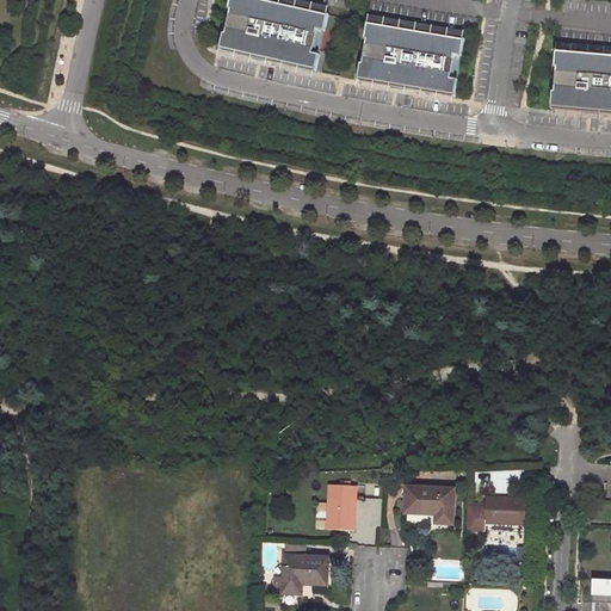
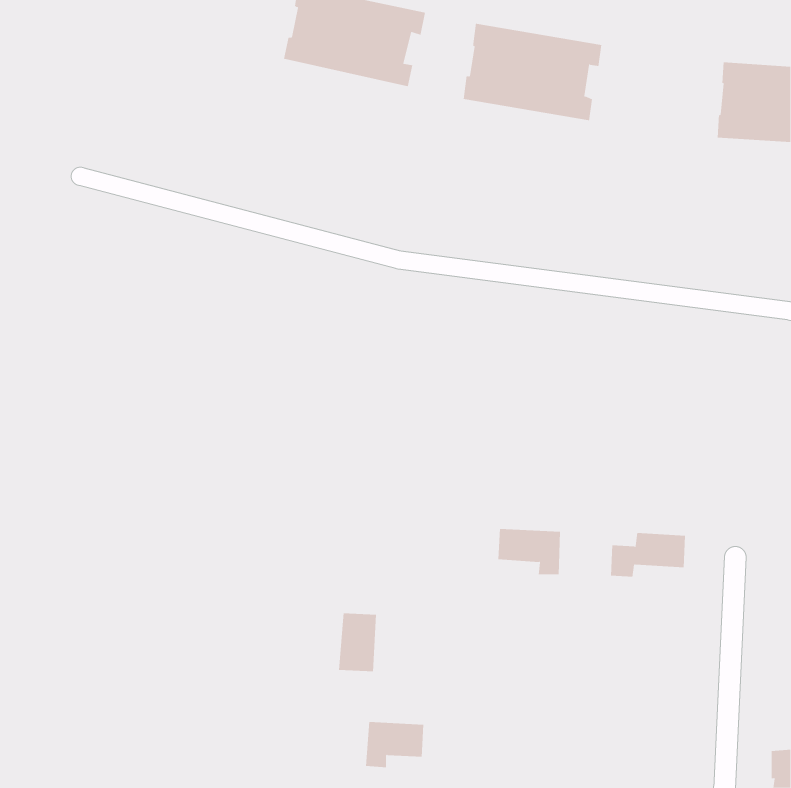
building: [327,485,357,530] -> [338,613,377,672]
building: [405,486,453,521] -> [497,528,561,575]
building: [467,496,525,531] -> [610,532,686,577]

